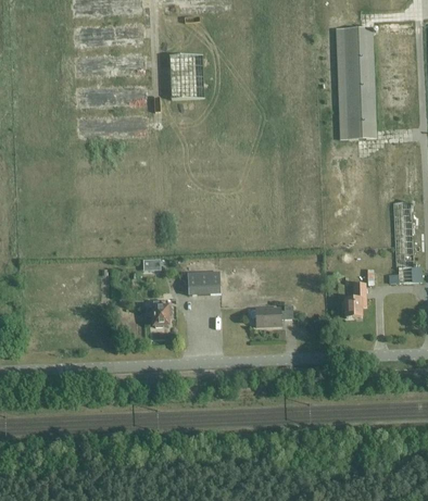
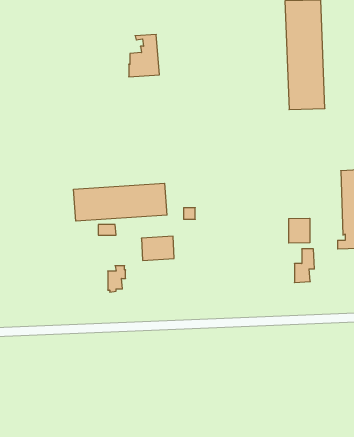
building: none -> [74,183,167,221]
building: none -> [289,218,310,243]
building: [255,304,293,326] -> none

